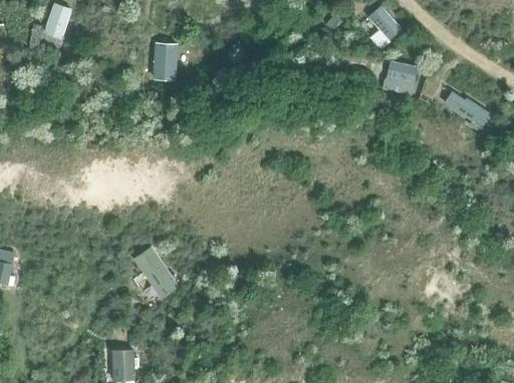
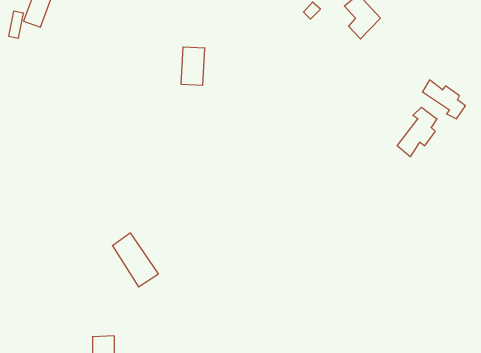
building: [155,42,179,80] -> [181,47,205,85]
building: [383,61,417,95] -> none
building: none -> [397,107,437,157]

